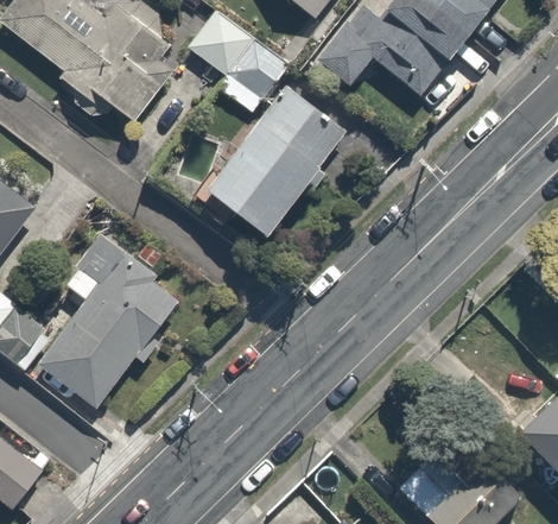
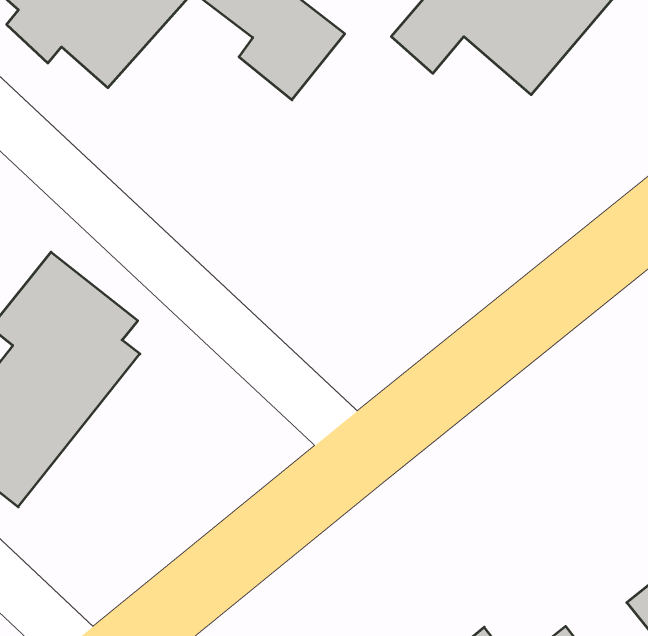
building: [205,89,344,234] -> none

